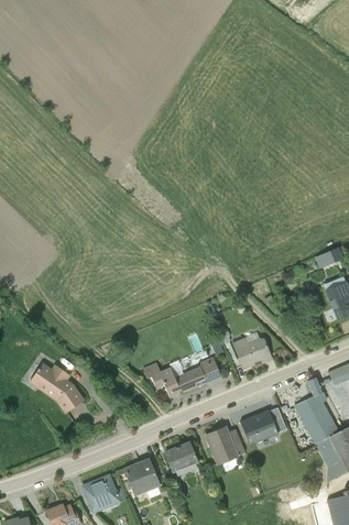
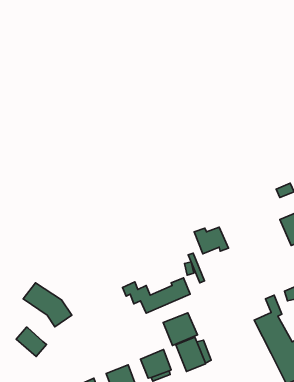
building: [232,336,272,367] -> [194,227,229,254]
building: [239,408,279,446] -> [163,313,197,345]
building: none -> [16,327,46,356]

